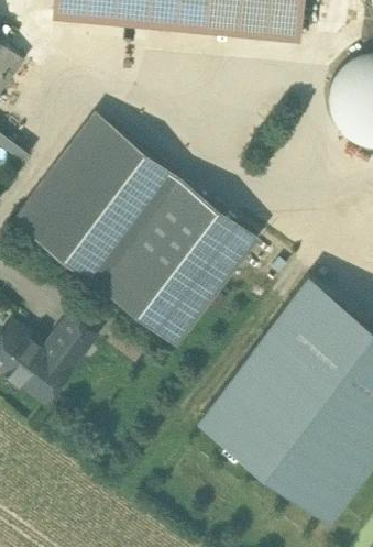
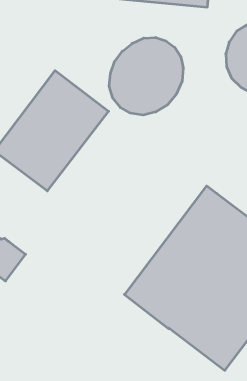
building: none -> [109,37,183,115]
building: [100,182,257,341] -> none
building: [43,315,89,364] -> none

